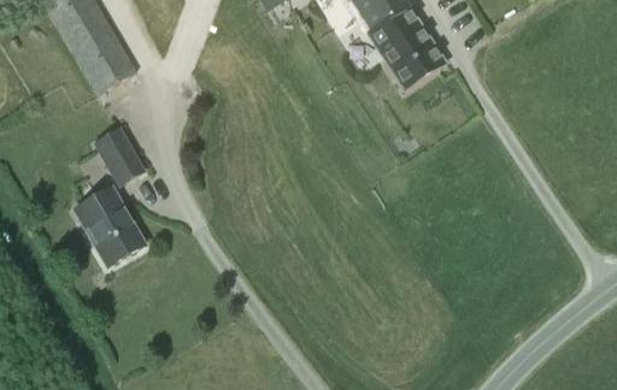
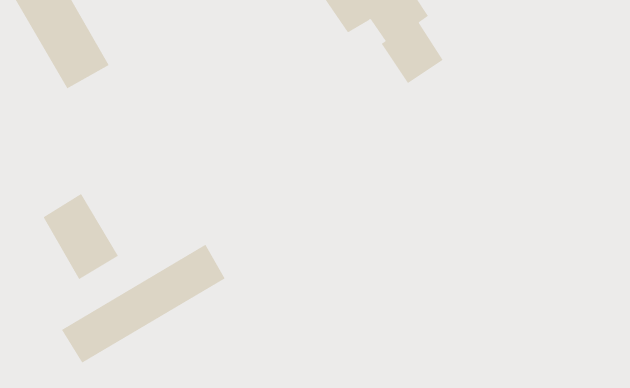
building: [95,128,142,182] -> none
building: none -> [61,244,225,364]

